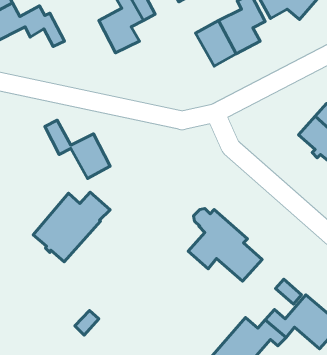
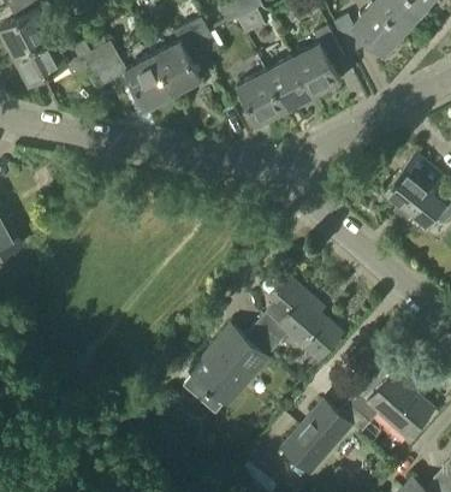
building: none -> [238,71,286,124]
building: [45,120,110,179] -> [96,41,172,108]
building: [33,192,110,262] -> [190,324,279,404]

